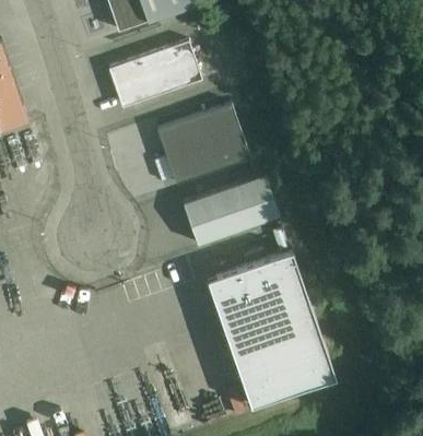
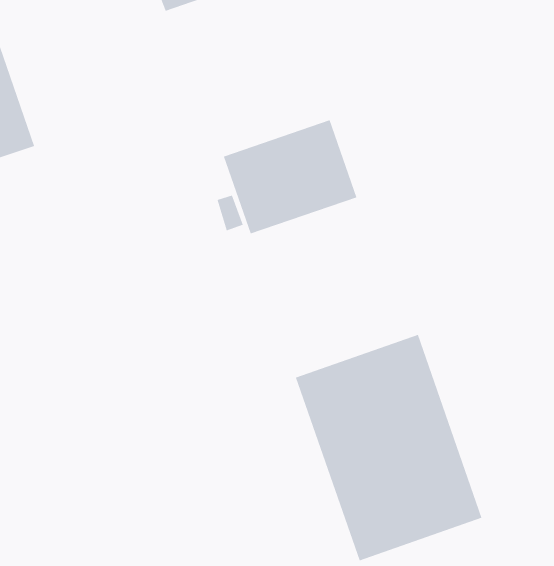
building: [108,42,202,107] -> none
building: [184,176,279,245] -> none

